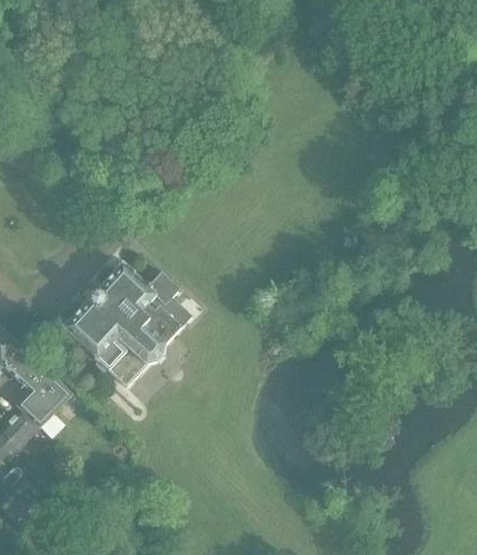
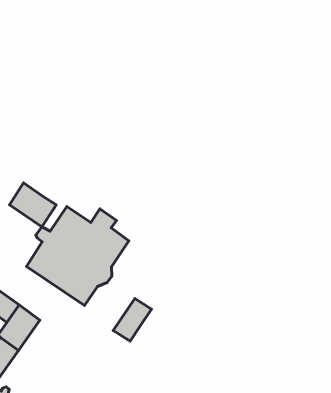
building: none -> [9,183,56,227]
building: none -> [113,298,152,341]

